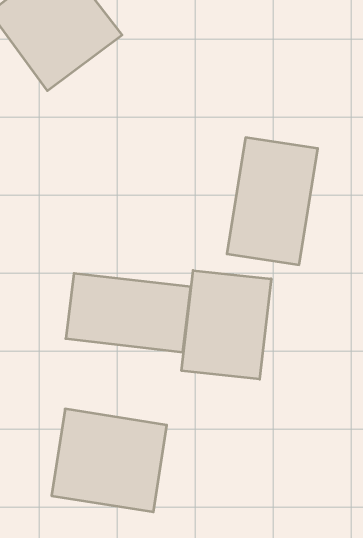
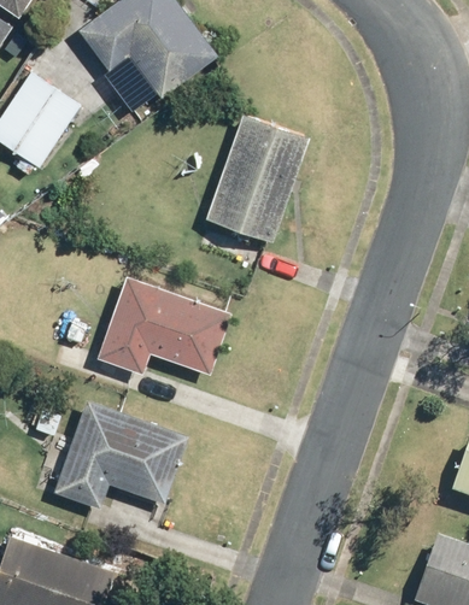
building: [227,138,318,265] -> [206,113,307,240]
building: [182,270,271,379] -> none

